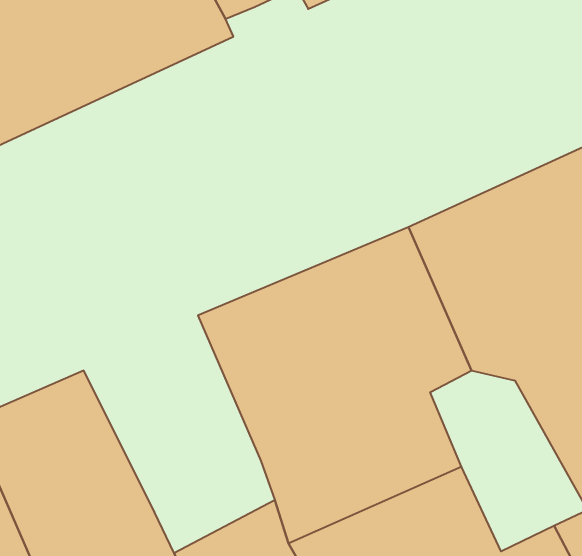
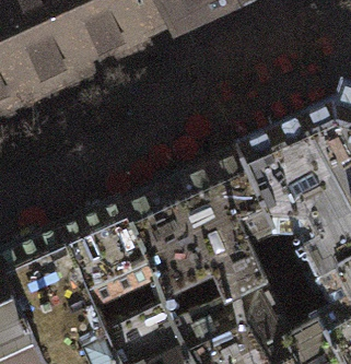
building: none -> [54,210,152,319]

